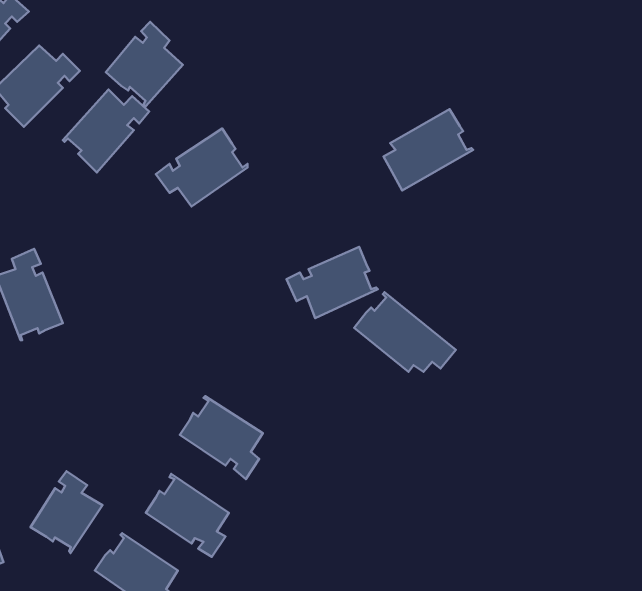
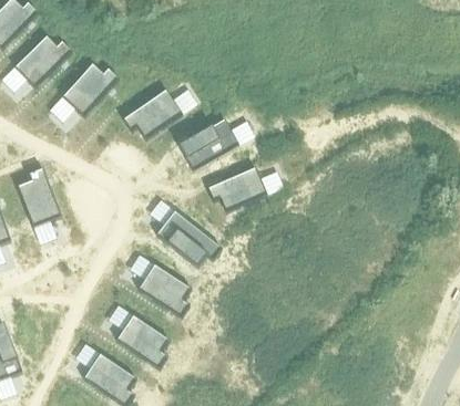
building: [106,22,183,106] -> none
building: [384,109,473,190] -> [180,117,238,170]
building: [354,292,456,372] -> [154,209,221,261]
building: [30,471,103,553] -> none

